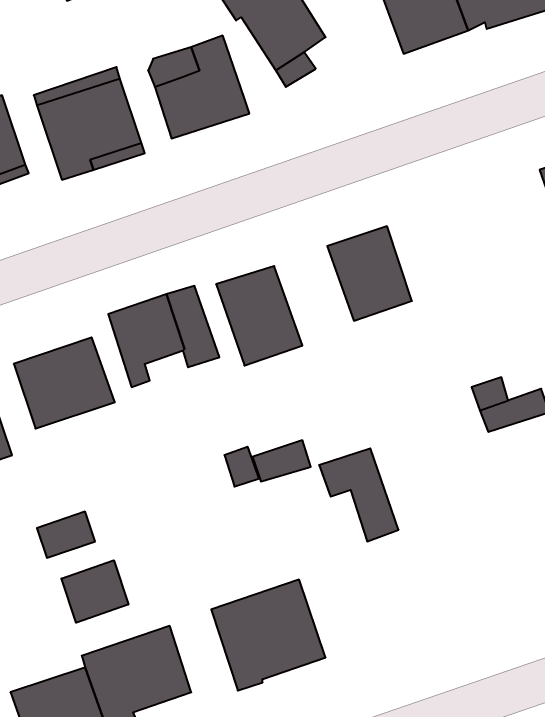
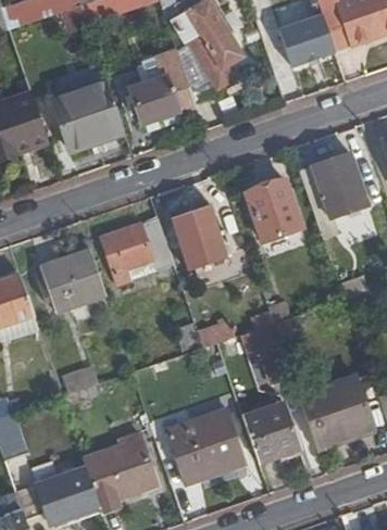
building: none -> [299,152,366,220]
building: none -> [297,375,375,446]
building: [61,560,128,623] -> none
building: none -> [240,402,298,462]

